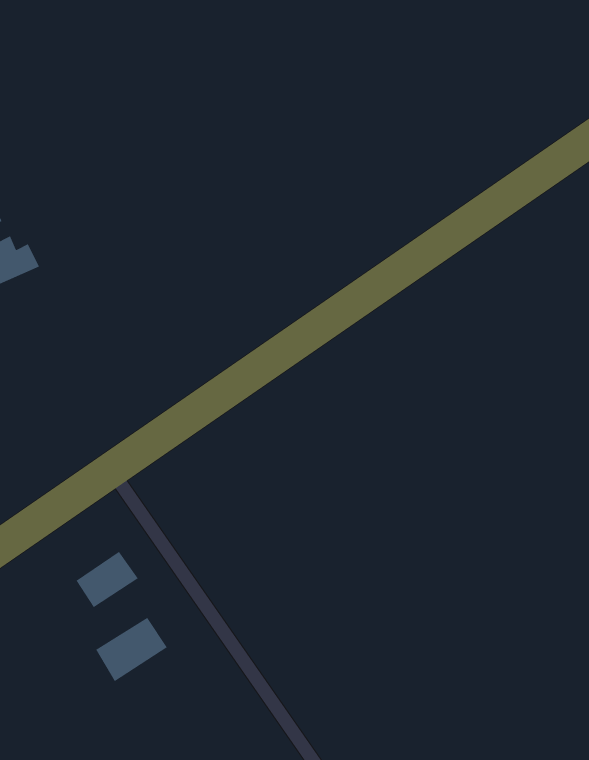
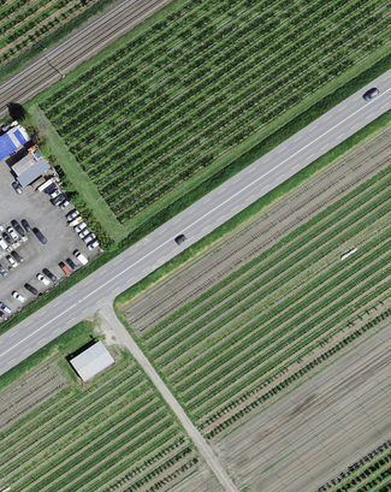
building: [95,617,168,682] -> none

